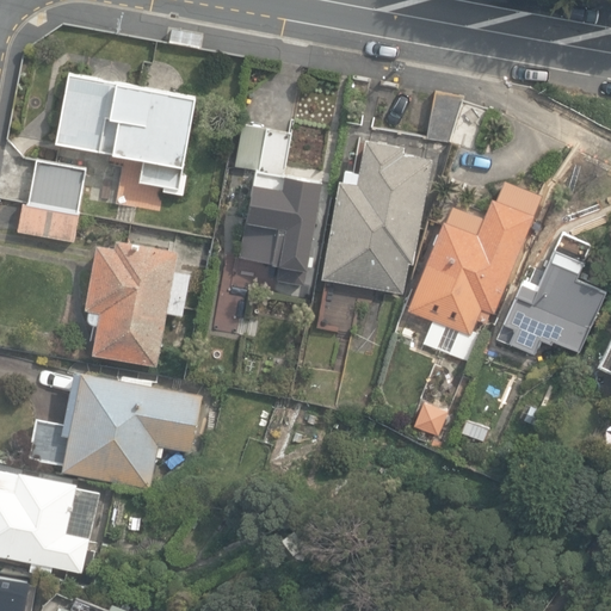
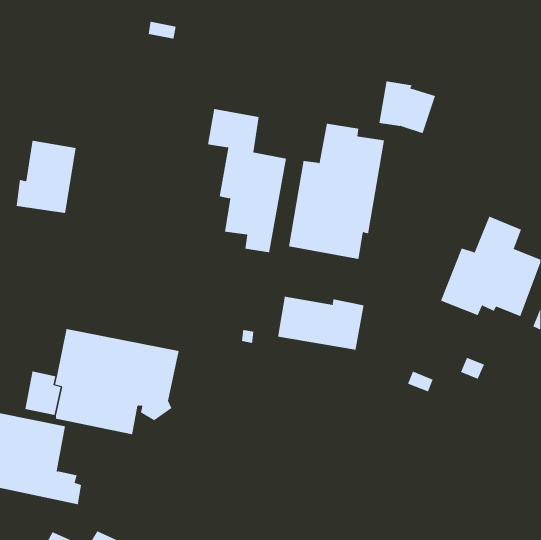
building: [55,76,195,197] -> none
building: [402,178,537,325] -> none
building: [86,241,190,368] -> none
building: none -> [278,296,364,351]

